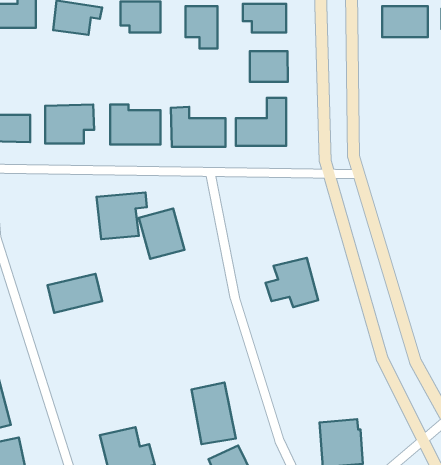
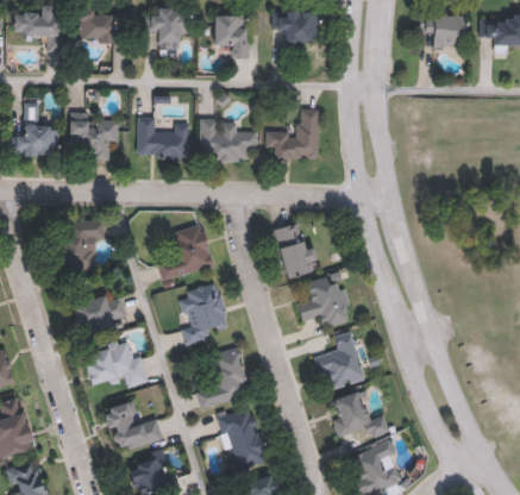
building: [250,51,288,82] -> none
building: [97,192,147,239] -> [52,224,105,272]
building: none -> [272,223,315,280]
building: none -> [180,286,230,342]
building: none -> [315,332,365,388]
building: none -> [79,342,150,388]
building: none -> [195,350,251,409]
building: none -> [330,393,389,439]
building: none -> [102,401,164,453]

